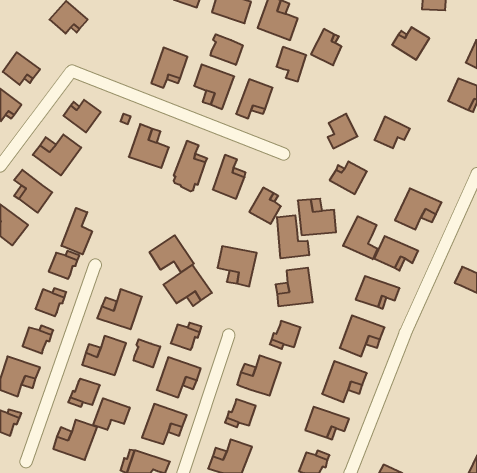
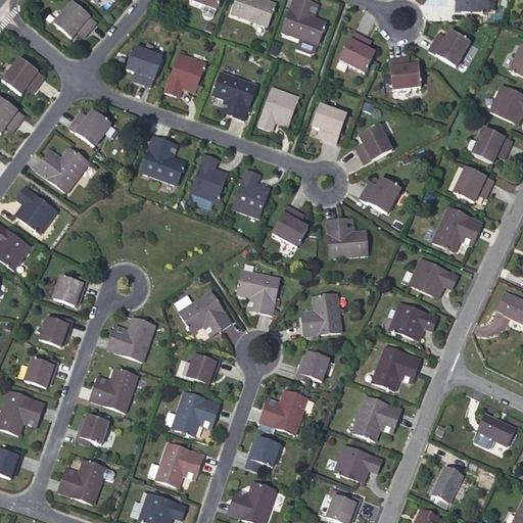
building: [211,34,243,65] -> none
building: none -> [128,47,160,85]
building: [276,47,306,81] -> [313,104,345,142]
building: none -> [390,57,421,89]
building: [374,117,410,148] -> [455,167,493,201]
building: none -> [472,128,512,162]
building: [61,208,92,254] -> none
building: [277,215,309,258] -> none
building: [343,216,377,259] -> none
building: [150,235,194,272] -> none
building: [134,339,160,367] -> none
building: none -> [473,414,515,448]
building: [93,398,130,430] -> none
building: none -> [432,466,463,503]

